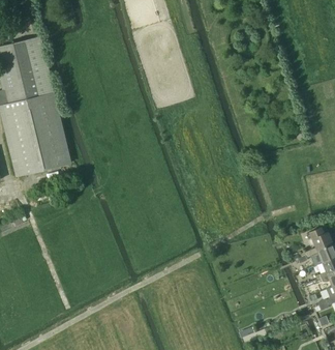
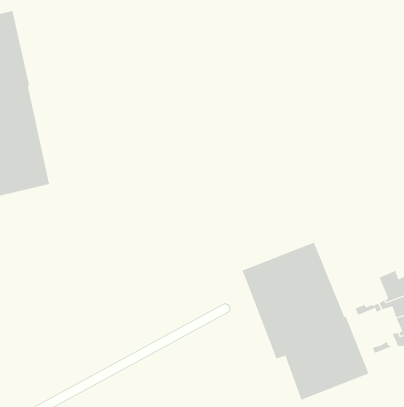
building: none -> [242,242,369,401]

